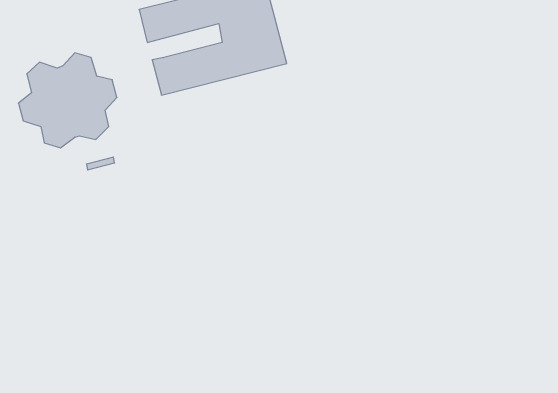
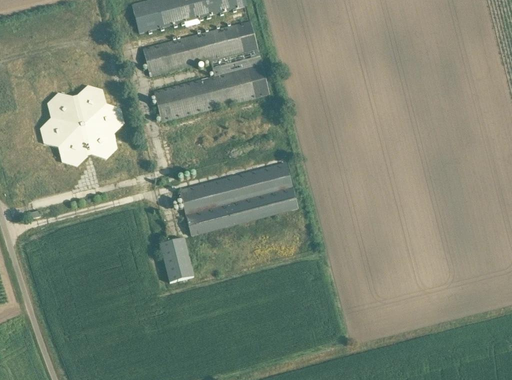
building: none -> [180,162,298,235]
building: none -> [160,237,194,281]

